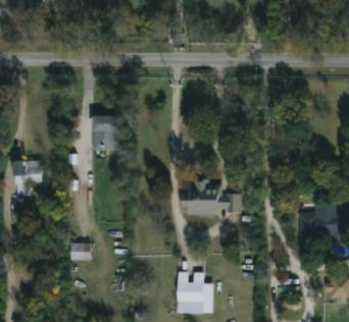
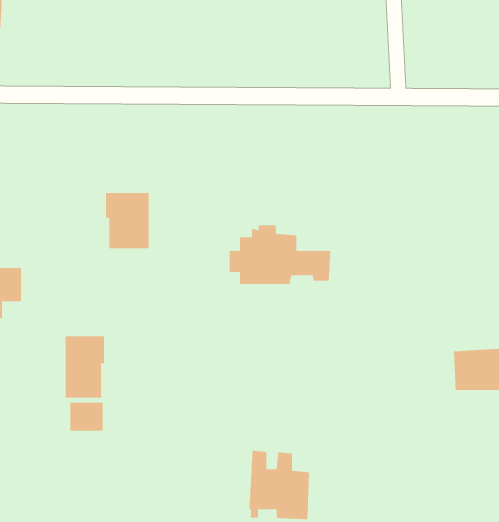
building: [181,177,242,213] -> [229,225,331,285]
building: none -> [65,335,105,399]

